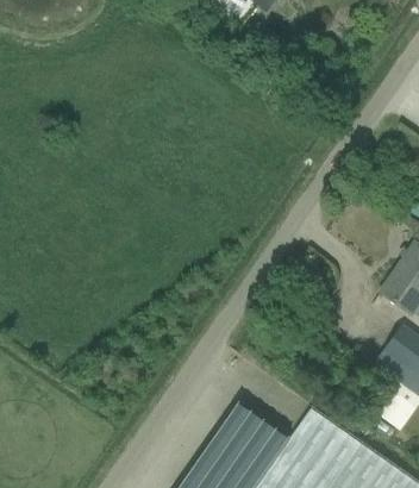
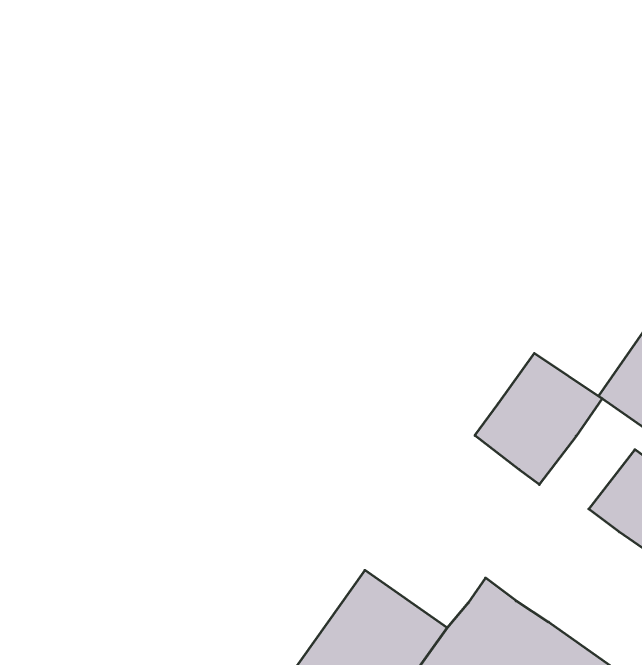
building: none -> [475,353,602,485]

